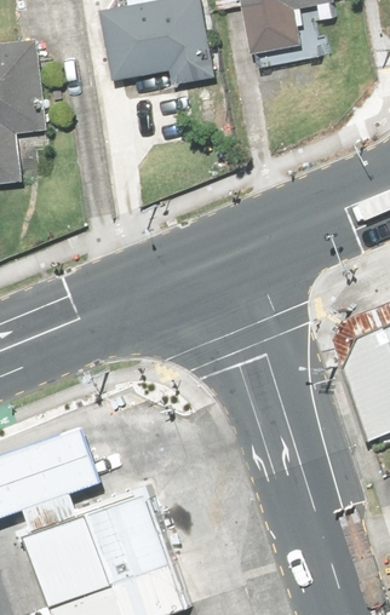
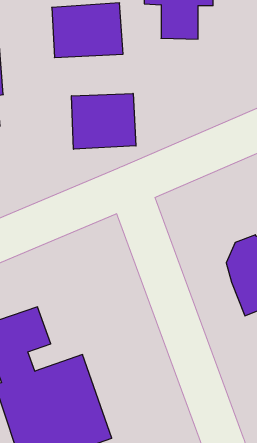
building: none -> [72,93,136,149]

